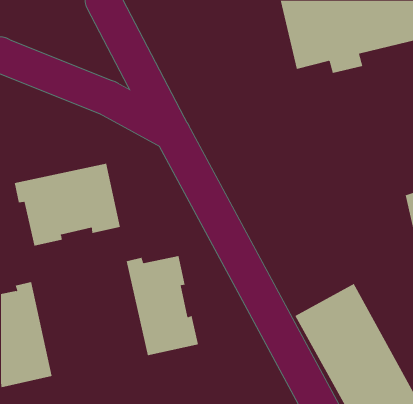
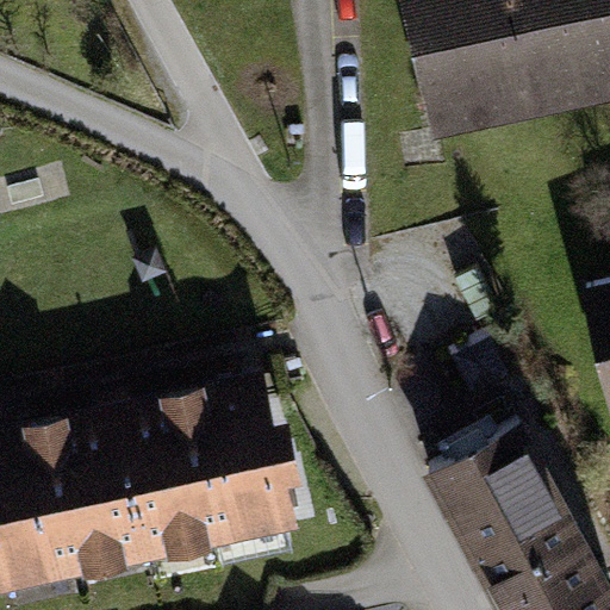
building: [14,163,120,246] -> none
building: none -> [54,400,222,574]

